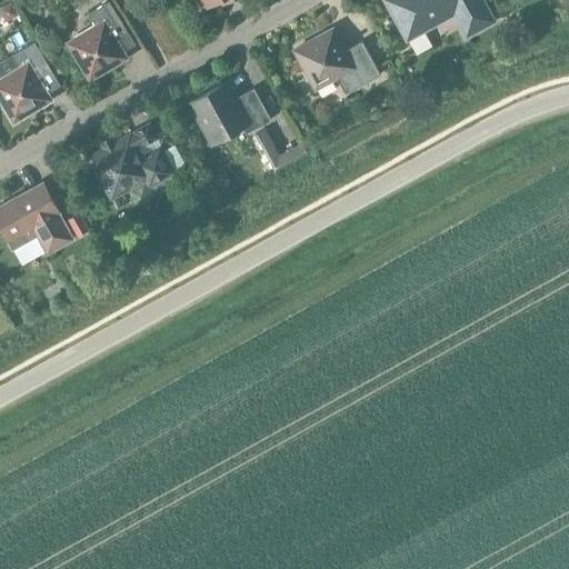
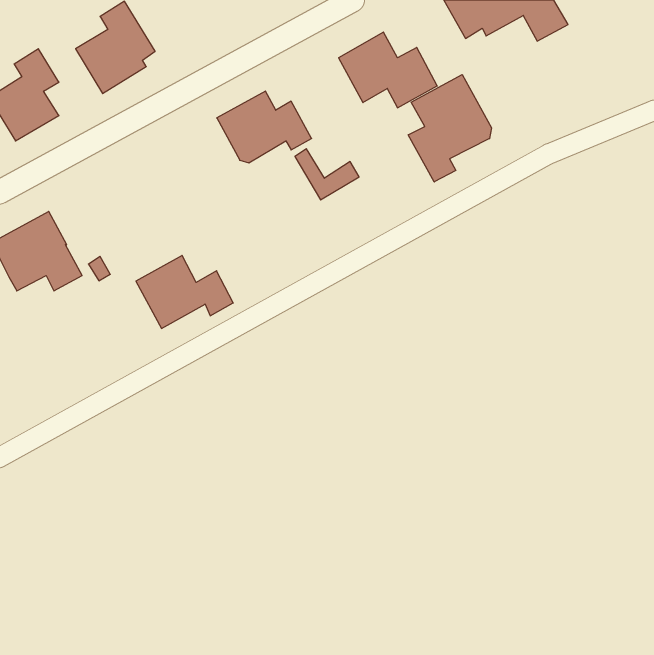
building: none -> [408,75,492,182]
building: [89,134,173,198] -> [136,255,233,328]

